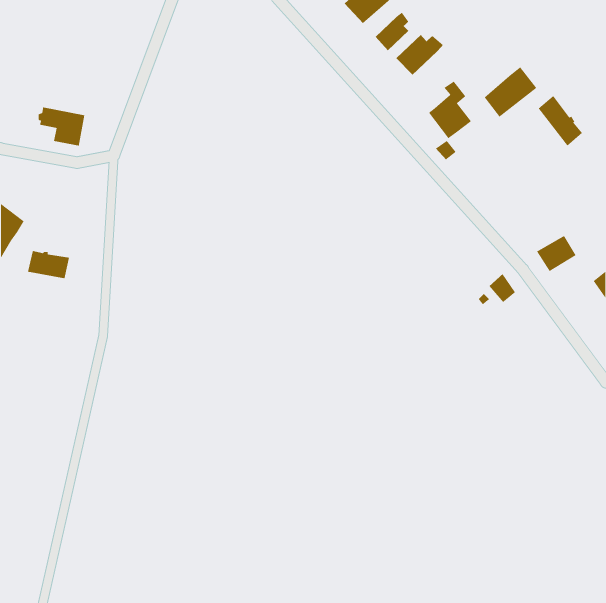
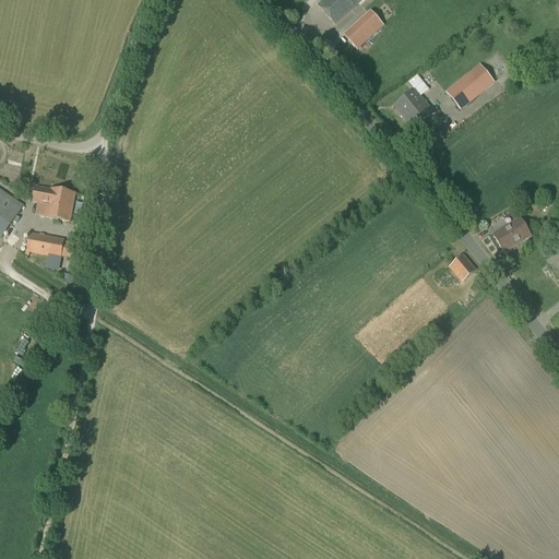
building: [396,34,444,76] -> none
building: [538,95,583,146] -> none
building: [38,107,85,146] -> [31,183,74,219]

